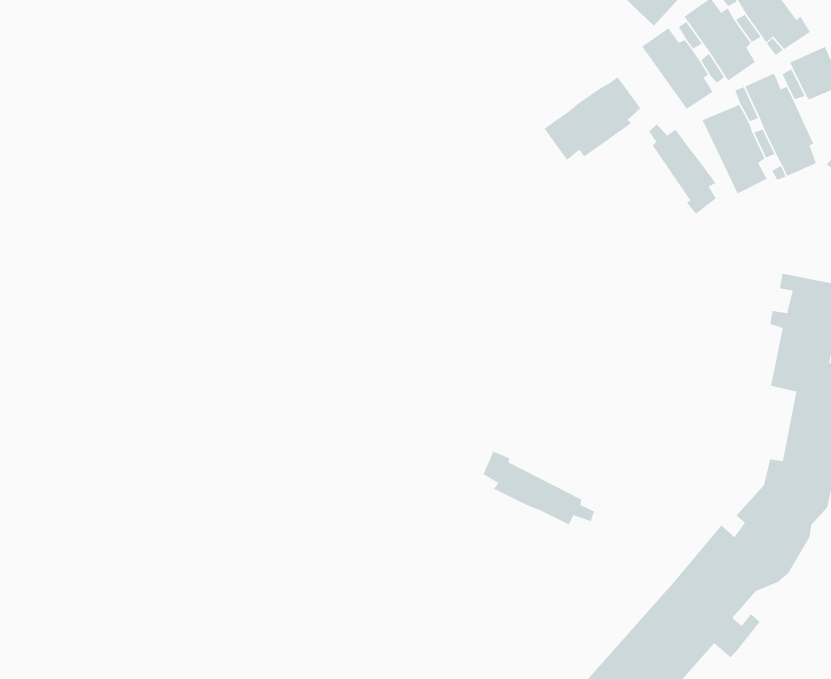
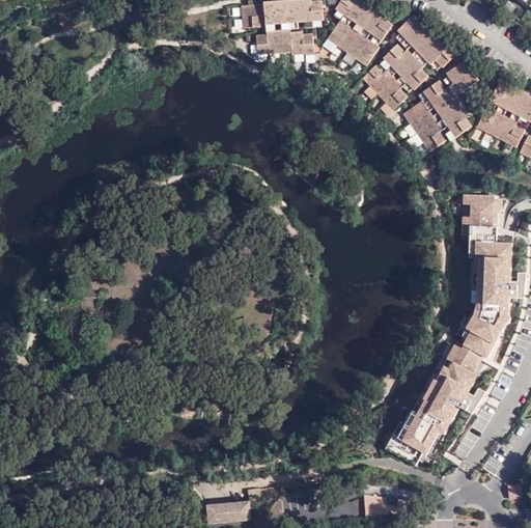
building: [543,76,641,161] -> none
building: [648,124,717,215] -> none
building: [482,450,595,526] -> none

